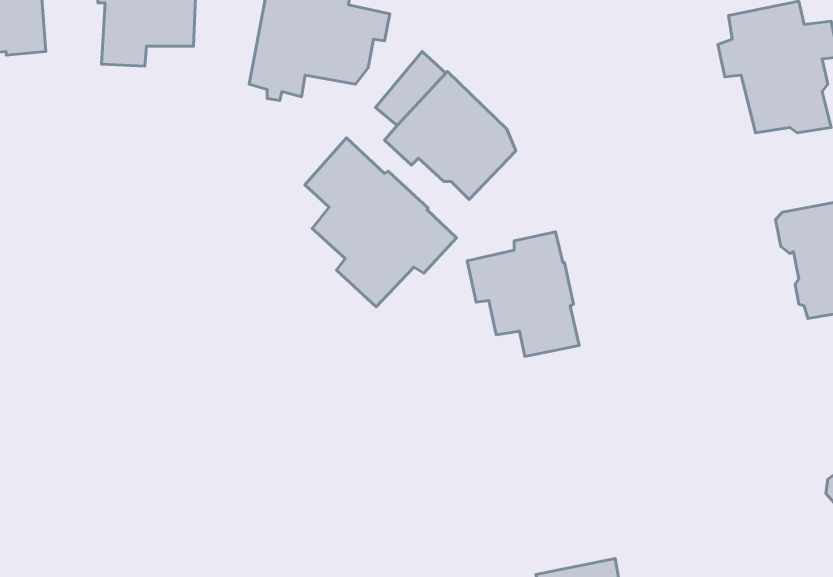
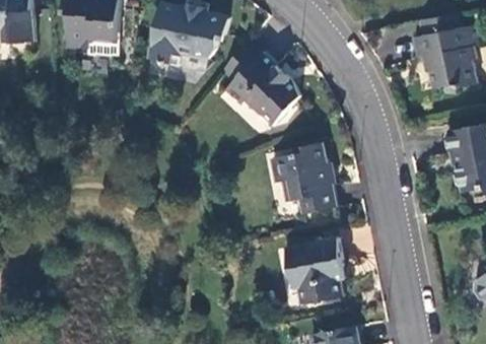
building: [305,138,456,307] -> none
building: none -> [285,238,344,304]

